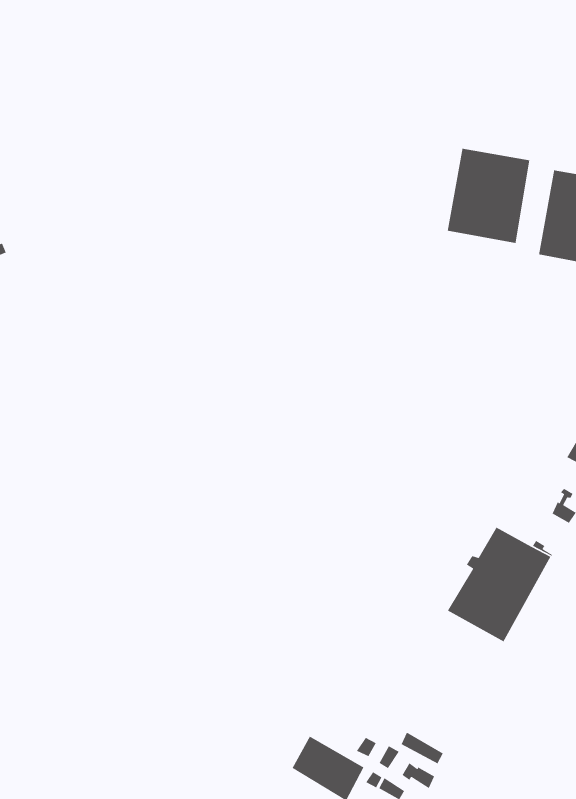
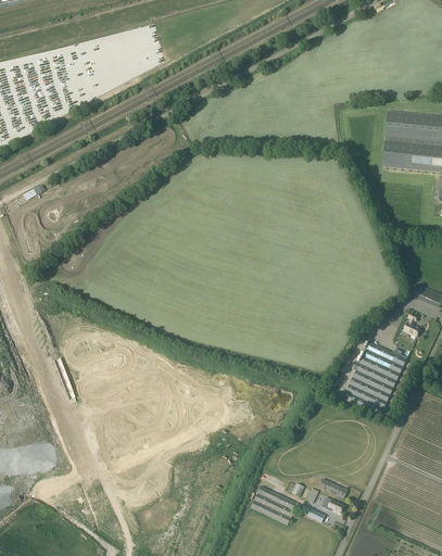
building: [447,148,530,244] -> none

